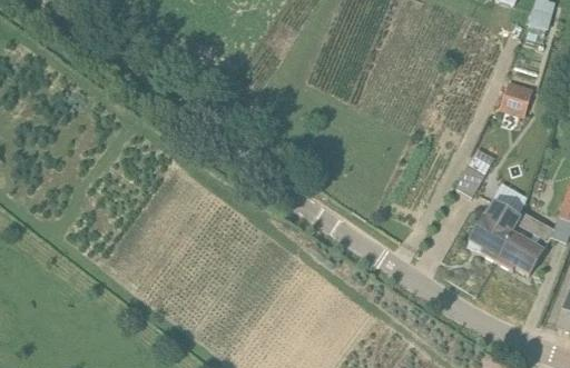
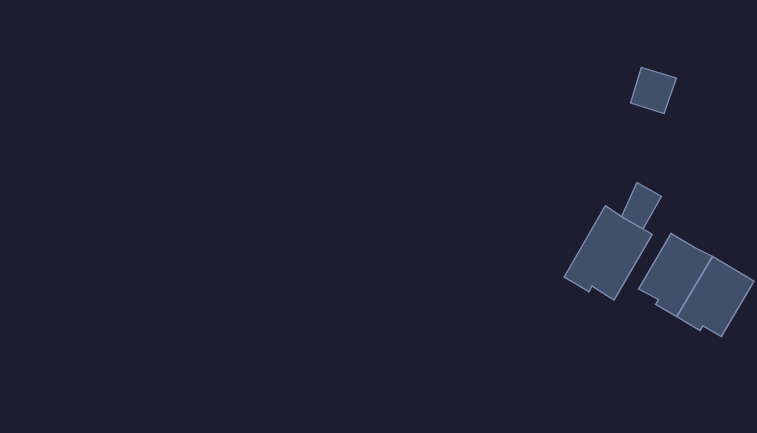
building: [500,82,533,116] -> [630,67,677,114]
building: none -> [564,206,652,300]

